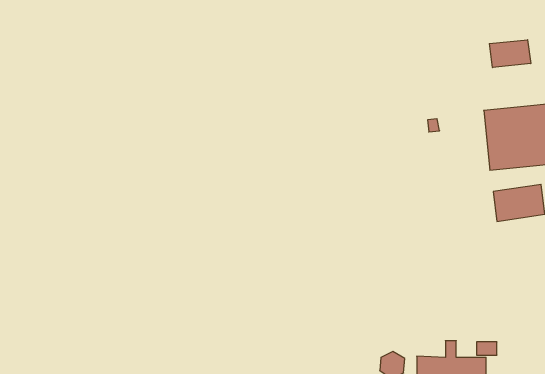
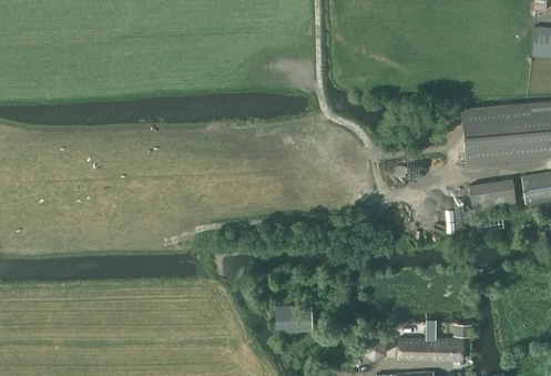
building: [489,40,531,68] -> none
building: none -> [275,305,313,332]

